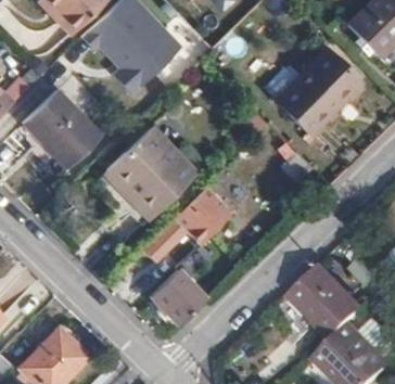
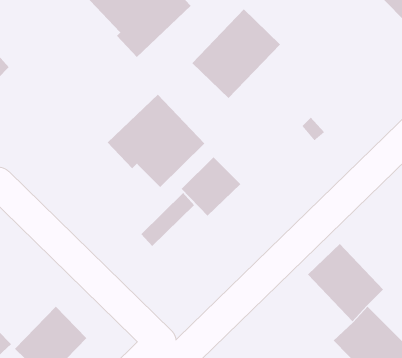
building: [275,49,358,133] -> [192,9,281,99]
building: [23,90,99,168] -> none
building: [151,269,204,320] -> none

